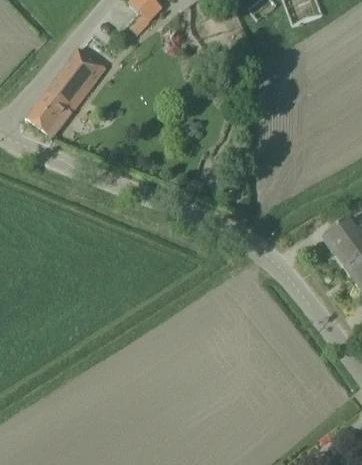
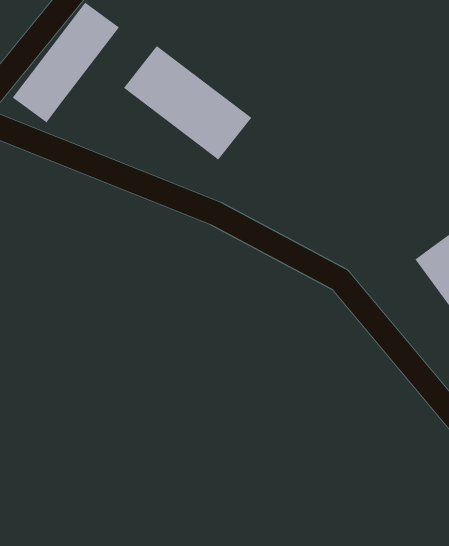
building: none -> [123,45,252,161]

